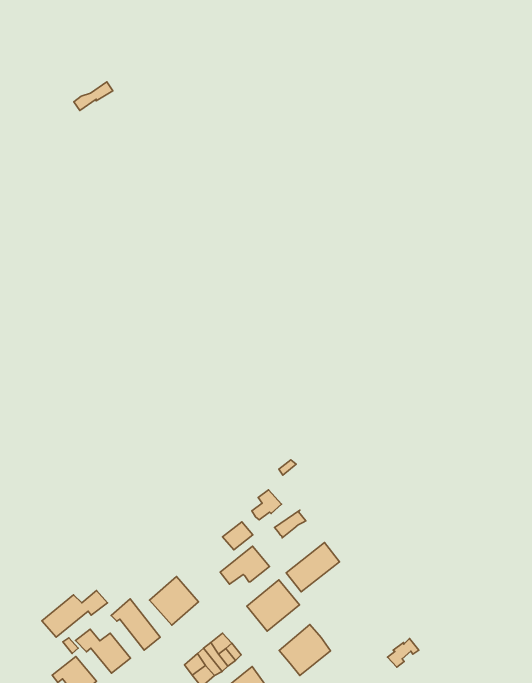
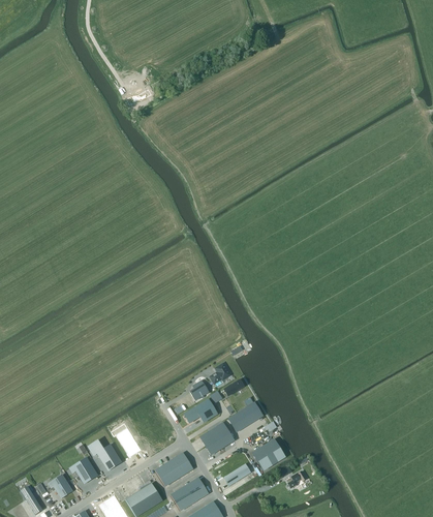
building: [150,577,199,625] -> none
building: [42,591,108,637] -> none
building: none -> [251,438,284,470]

